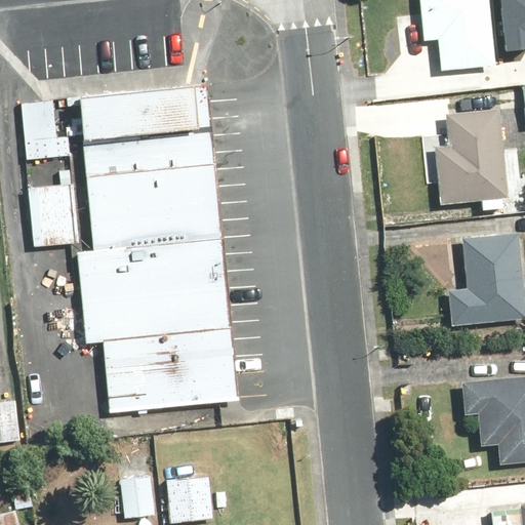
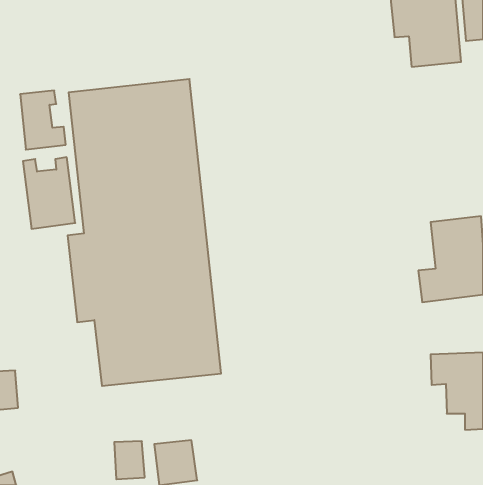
building: [438,106,510,204] -> none

